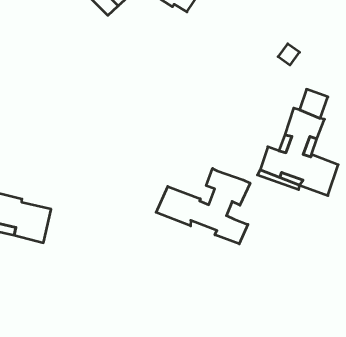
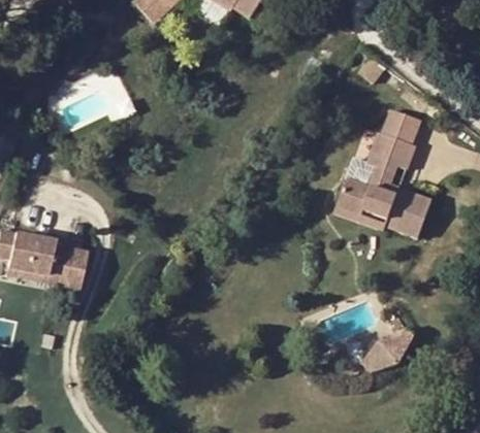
building: [156,168,250,244] -> none
building: none -> [362,330,414,371]

